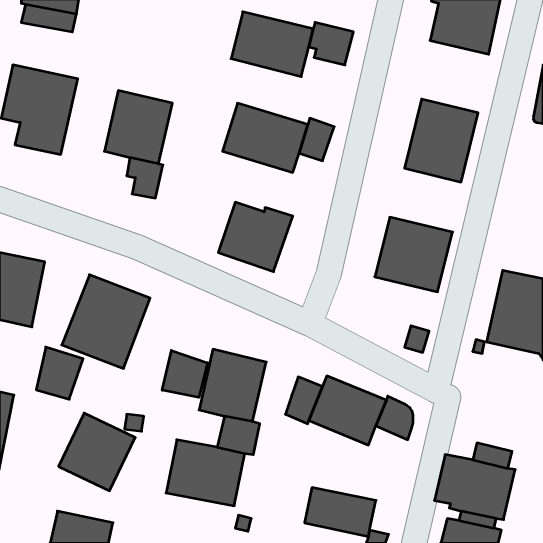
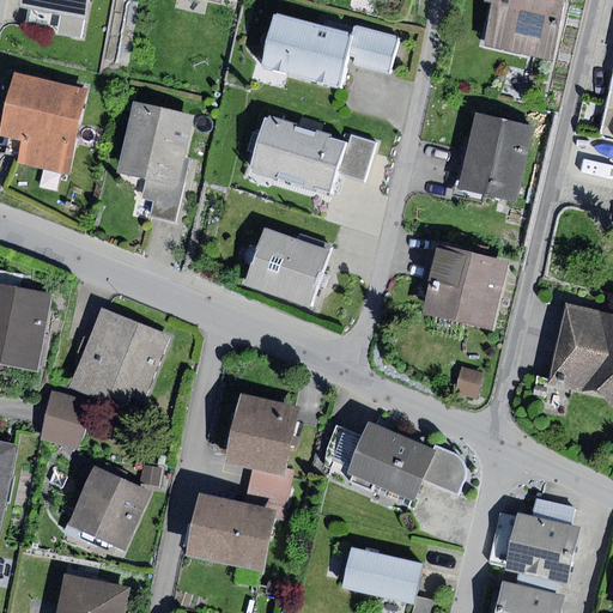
building: [162,350,207,397] -> none

